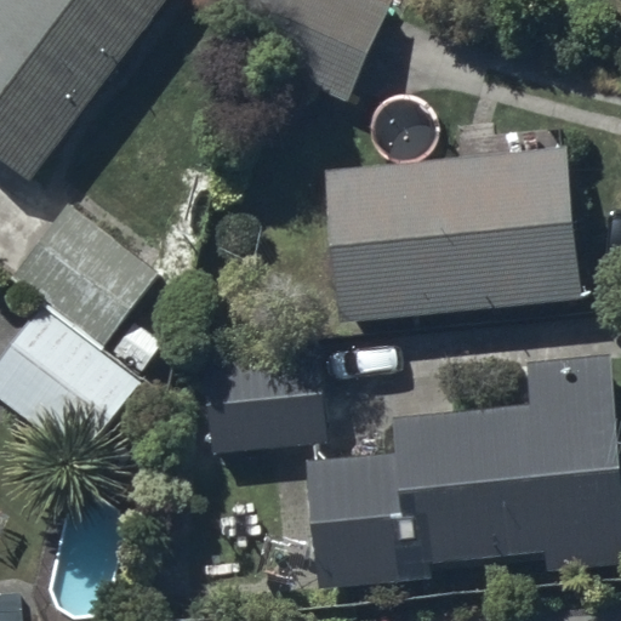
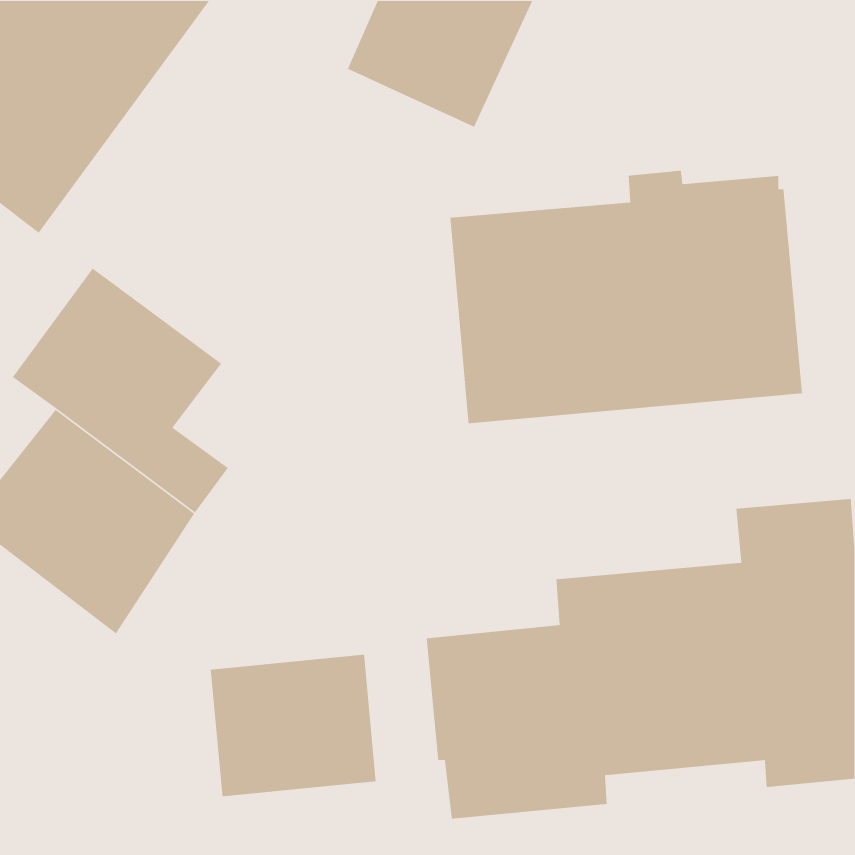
building: [209,352,329,455] -> [210,654,377,797]

